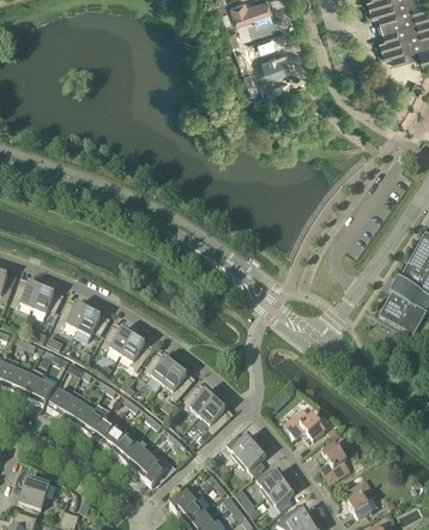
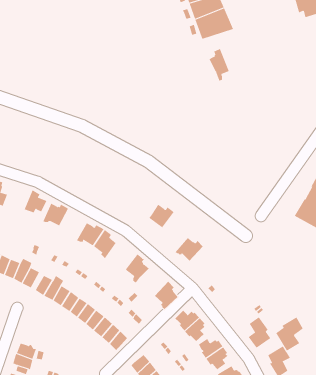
building: none -> [209,48,230,82]
building: [12,276,44,305] -> none
building: [75,303,109,341] -> none
building: [145,350,179,381] -> [148,204,175,228]
building: [181,384,218,415] -> [175,237,204,262]
building: [285,406,325,439] -> none
building: none -> [276,316,304,351]

